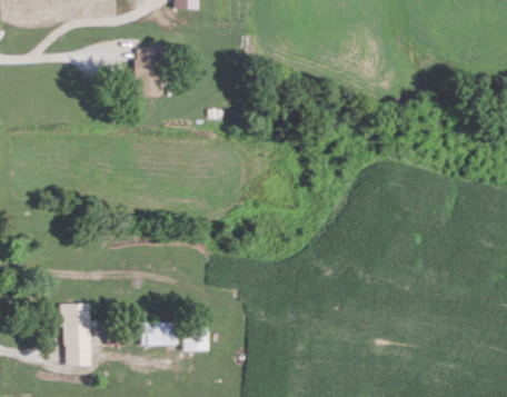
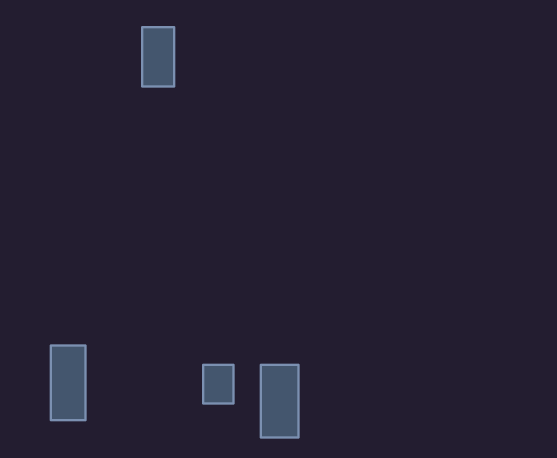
building: none -> [261,365,298,437]
building: [142,322,179,345] -> none

